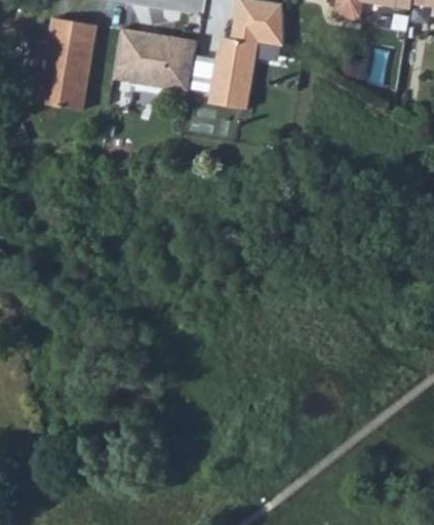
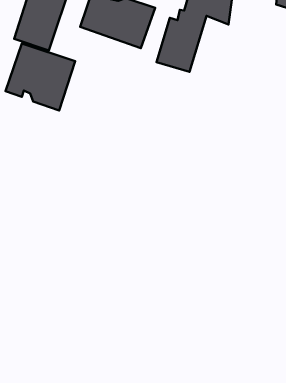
building: none -> [5,43,75,110]

